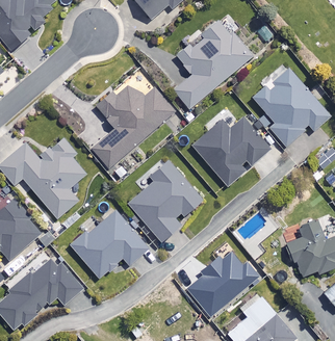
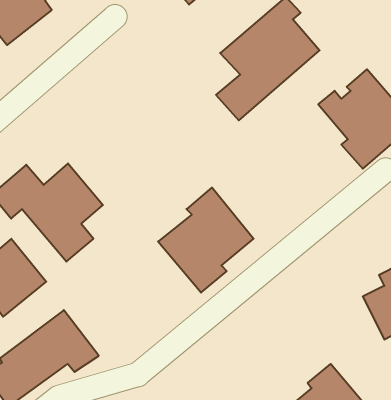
building: [92,85,175,167] -> none
building: [192,105,269,184] -> none
building: [71,210,149,278] -> none
building: [186,250,259,314] -> none

